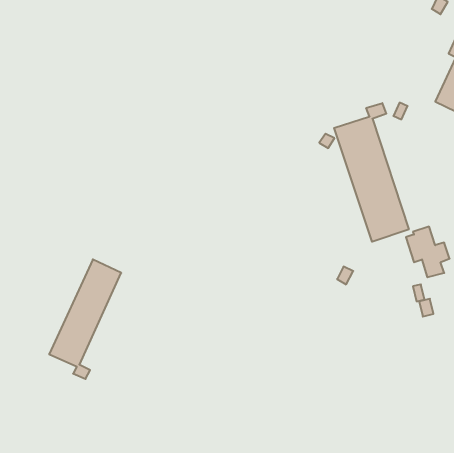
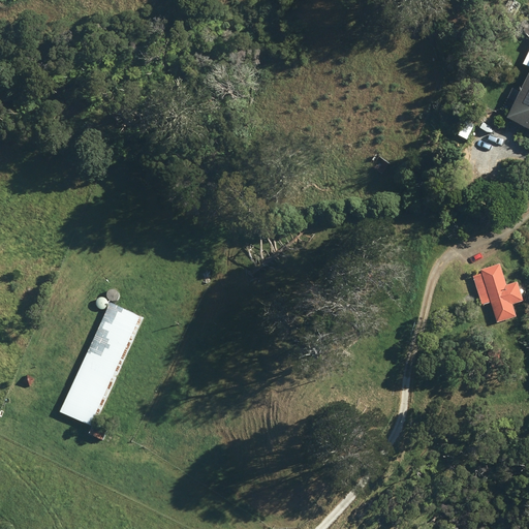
building: [334,103,409,242] -> none

